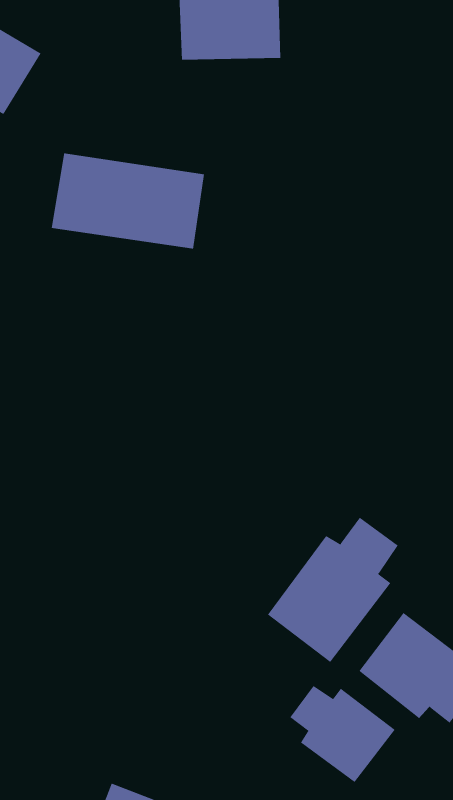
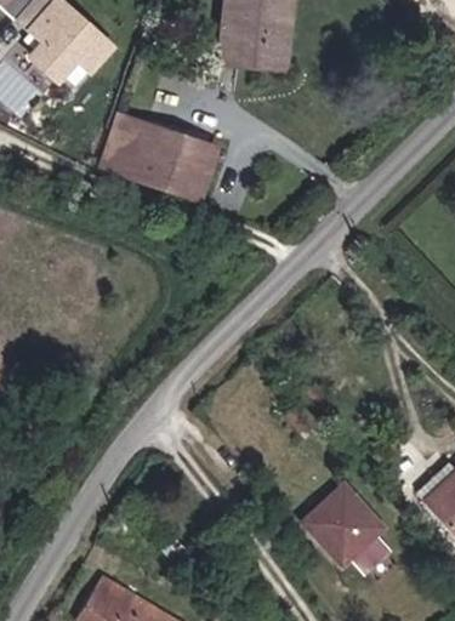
building: [267,517,399,663] -> none
building: [289,685,395,783] -> none

